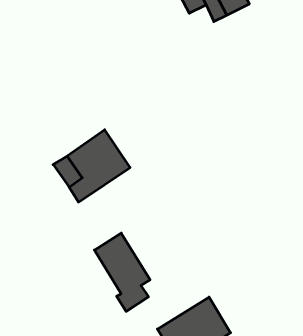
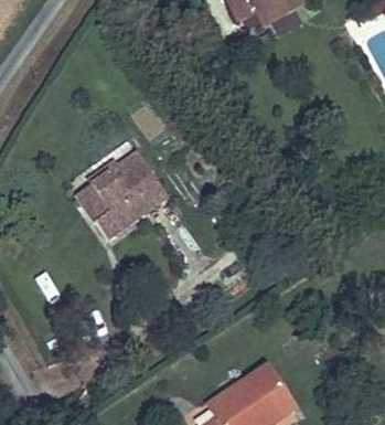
building: [94,233,150,311] -> none

